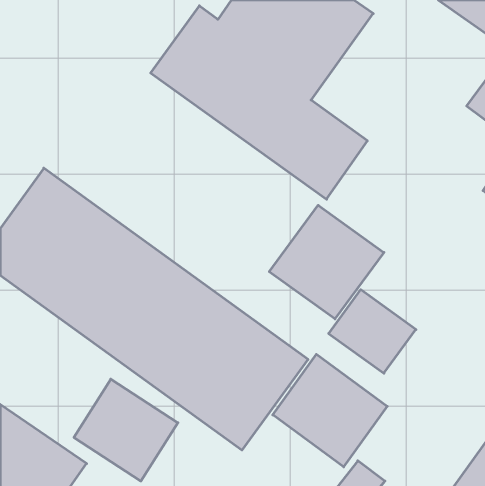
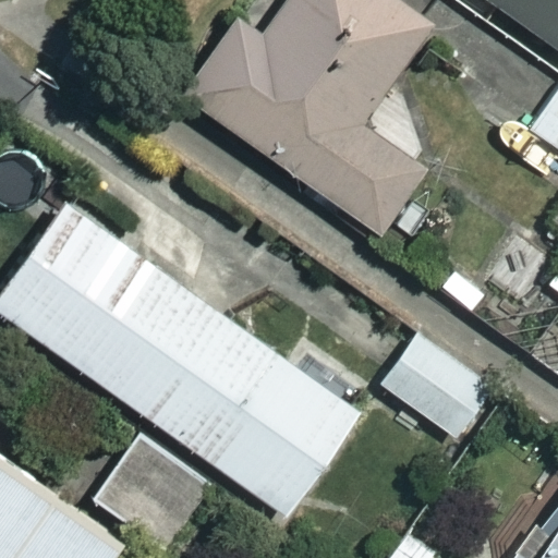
building: [269,205,384,319] -> none
building: [273,354,387,467] -> none

